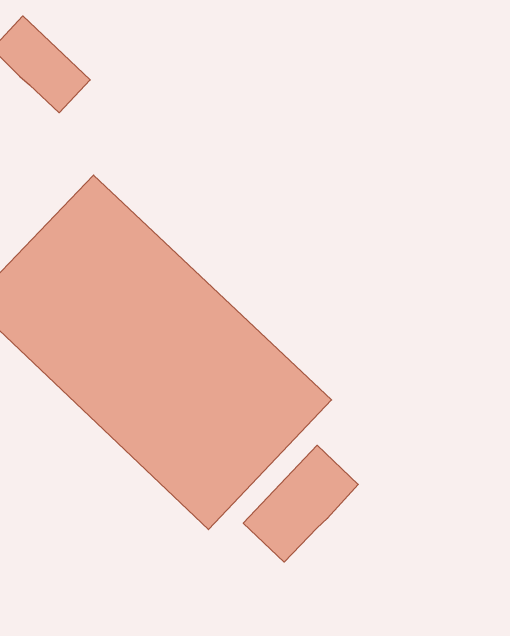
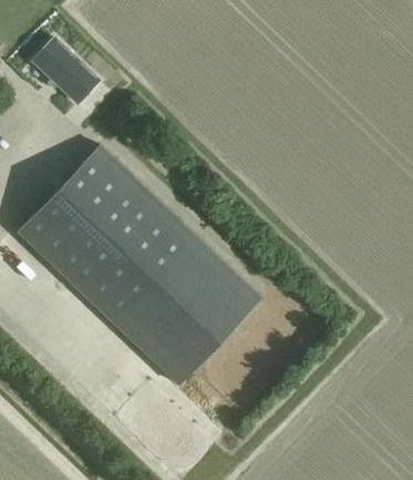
building: [243,445,358,562] -> none

